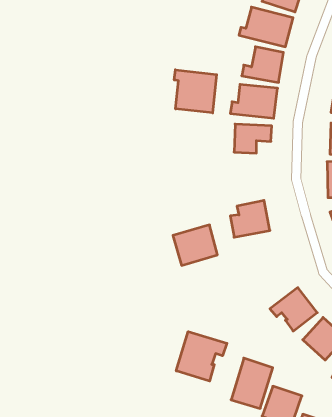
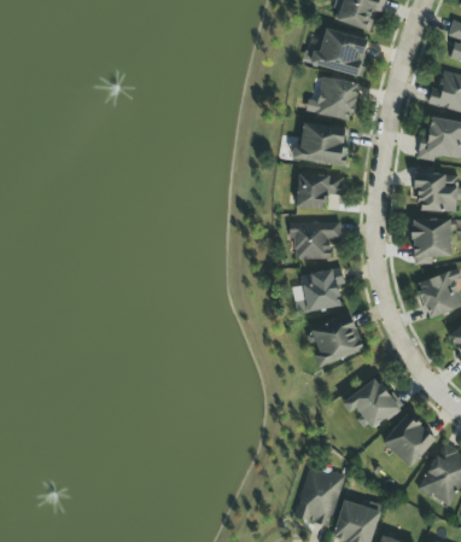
building: [174,70,217,113] -> none
building: none -> [290,221,340,258]
building: [173,225,217,265] -> [308,314,363,365]
building: [176,332,227,381] -> none

